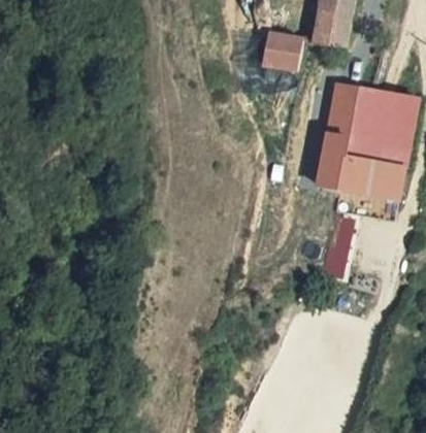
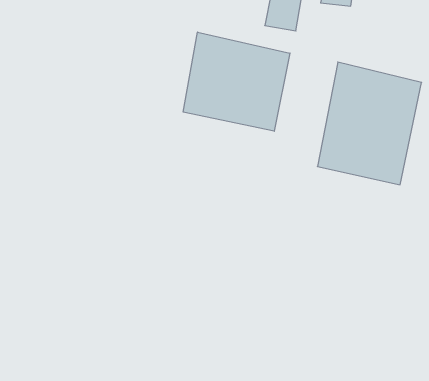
building: none -> [183,32,290,131]

